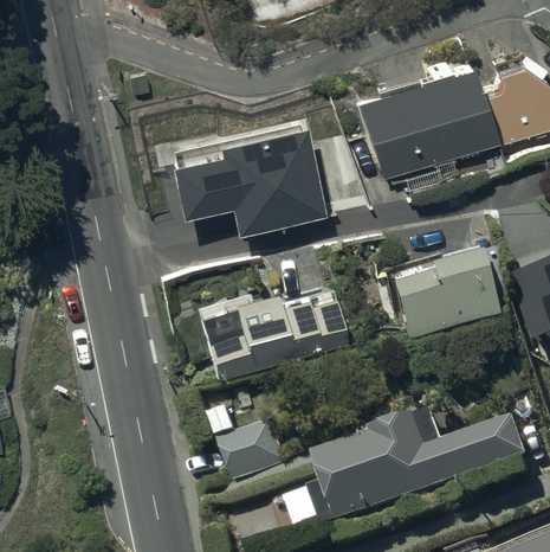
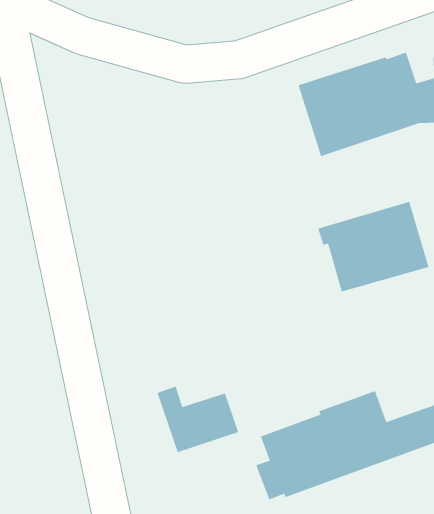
building: [167,110,323,220] -> none
building: [199,296,351,385] -> none

